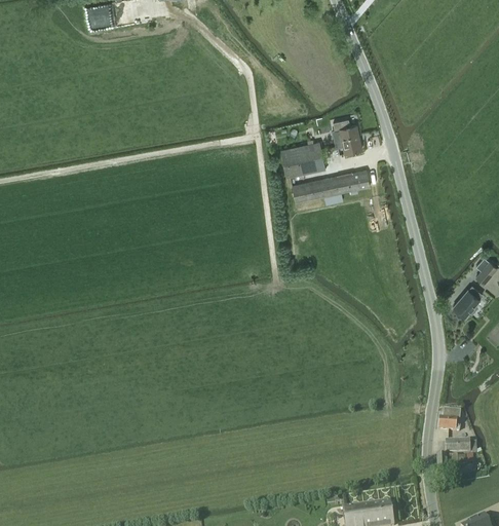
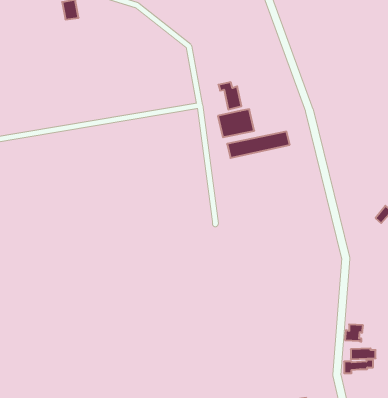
building: [333,119,361,153] -> [218,82,241,110]
building: [453,286,479,316] -> none

